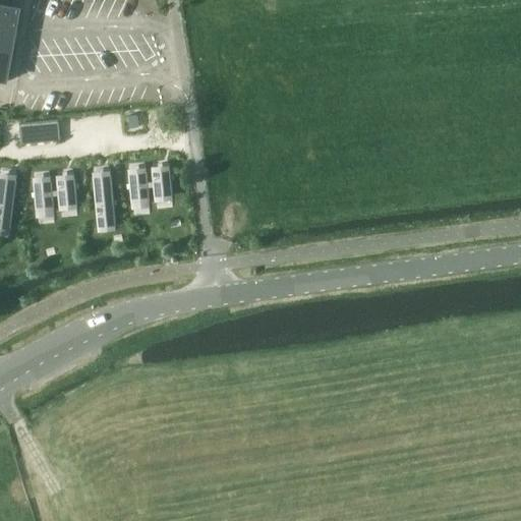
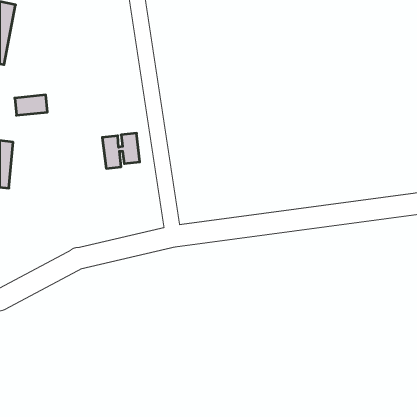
building: [92,172,117,231] -> none
building: [32,174,77,219] -> none

